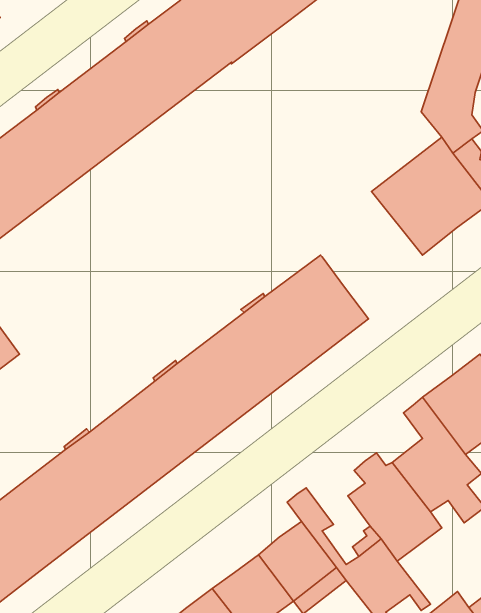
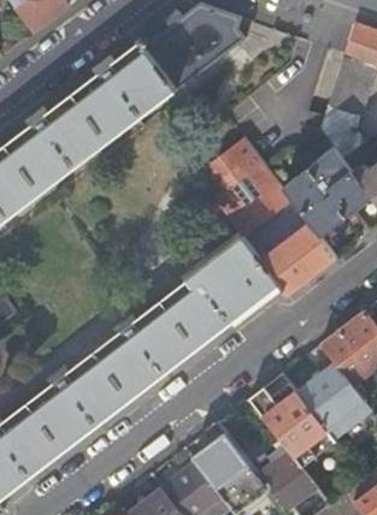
building: none -> [196,137,335,292]

